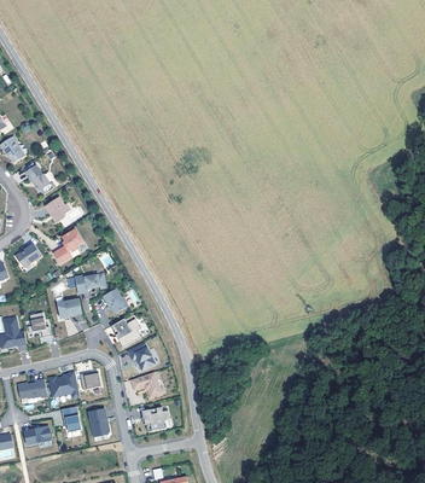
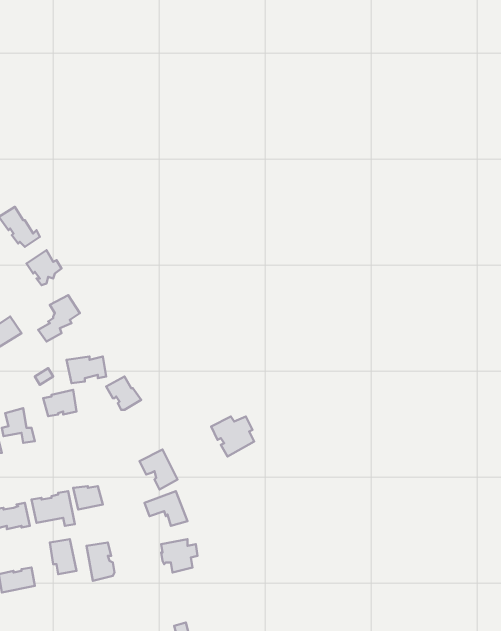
building: [110,319,141,348] -> [211,417,254,456]

